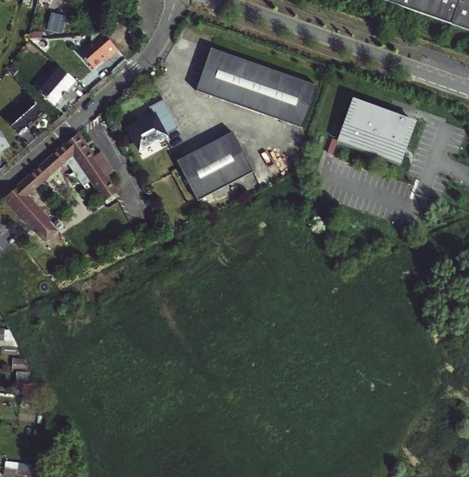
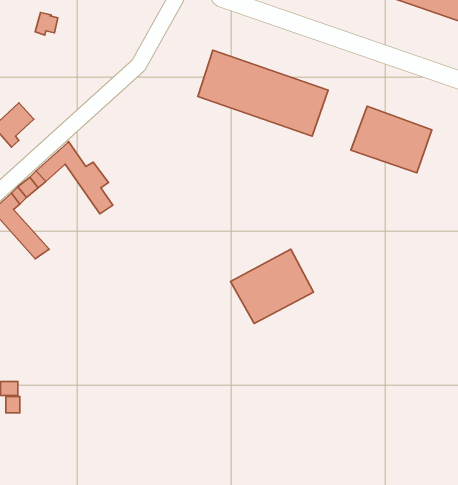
building: [81,33,119,68] -> none
building: [40,65,79,106] -> none
building: [129,98,178,147] -> none
building: [176,131,253,200] -> [230,249,313,323]

